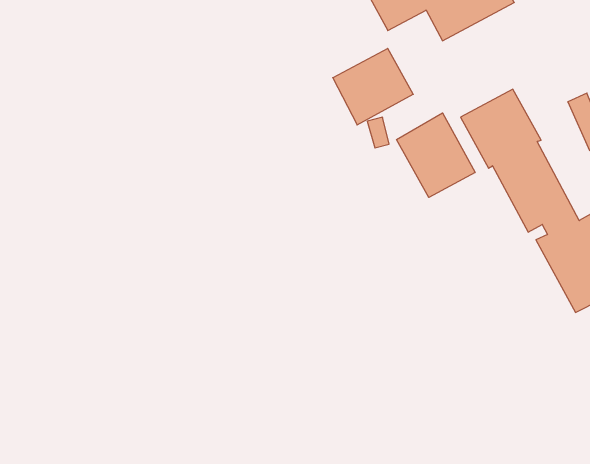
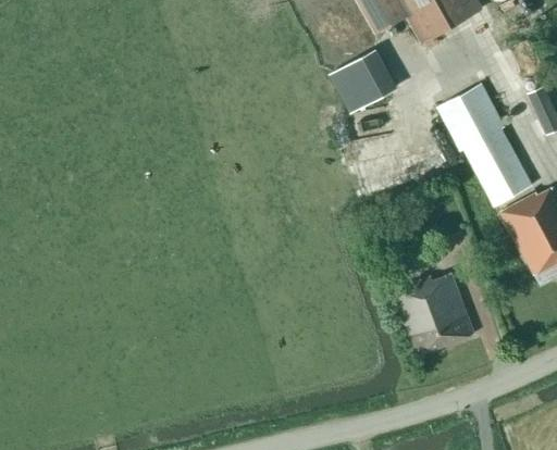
building: [397,113,475,197] -> none
building: none -> [392,273,474,357]

